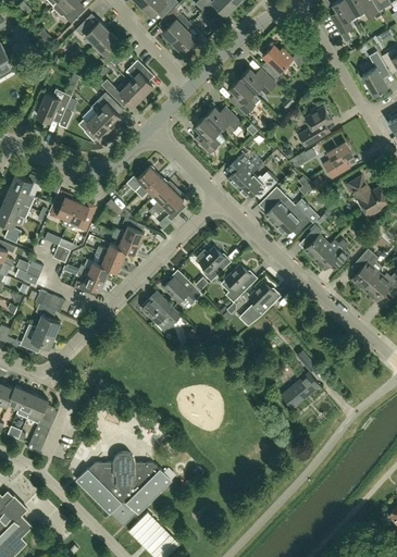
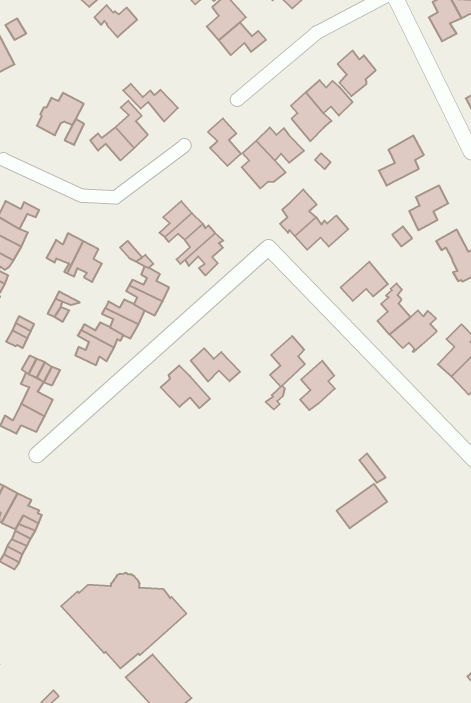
building: [92,30,120,64] -> none
building: [126,60,152,96] -> [208,118,241,166]
building: [264,188,295,225] -> none
building: [196,248,224,282] -> none

